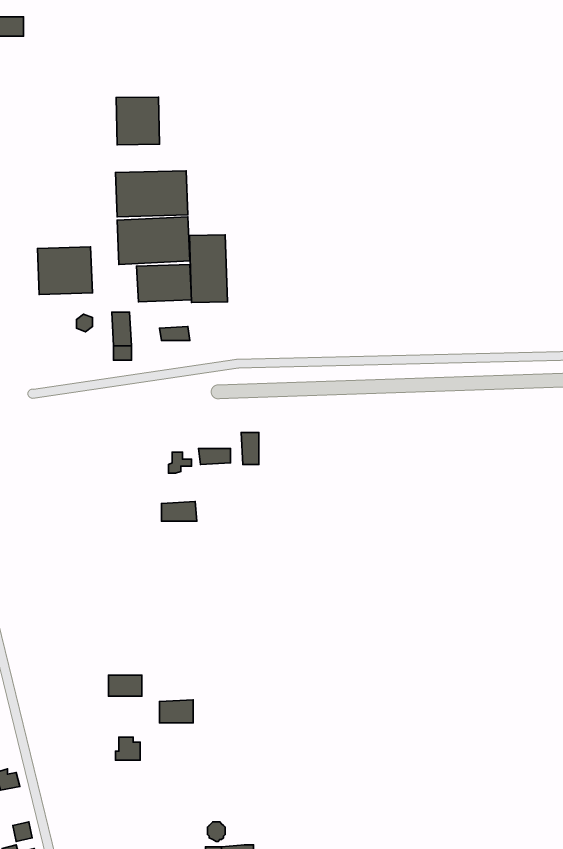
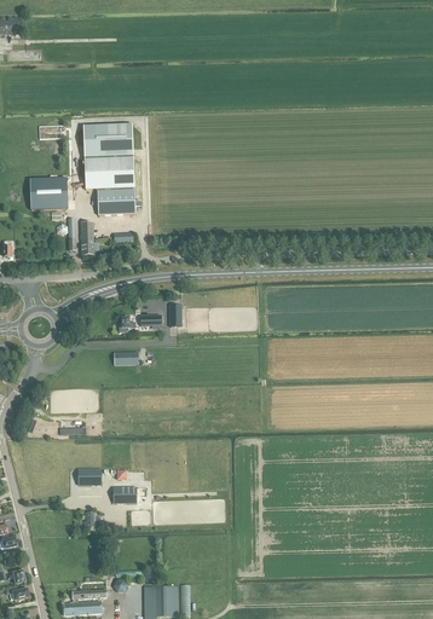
building: [116,97,160,145] -> none
building: [189,235,227,302] -> none

